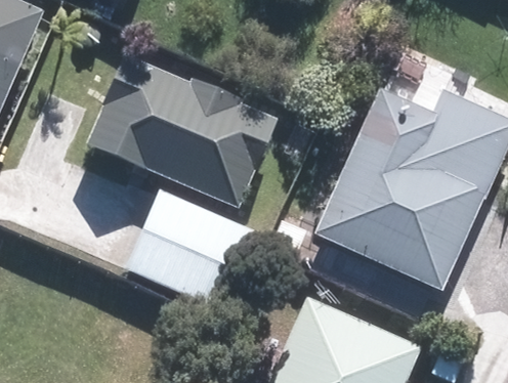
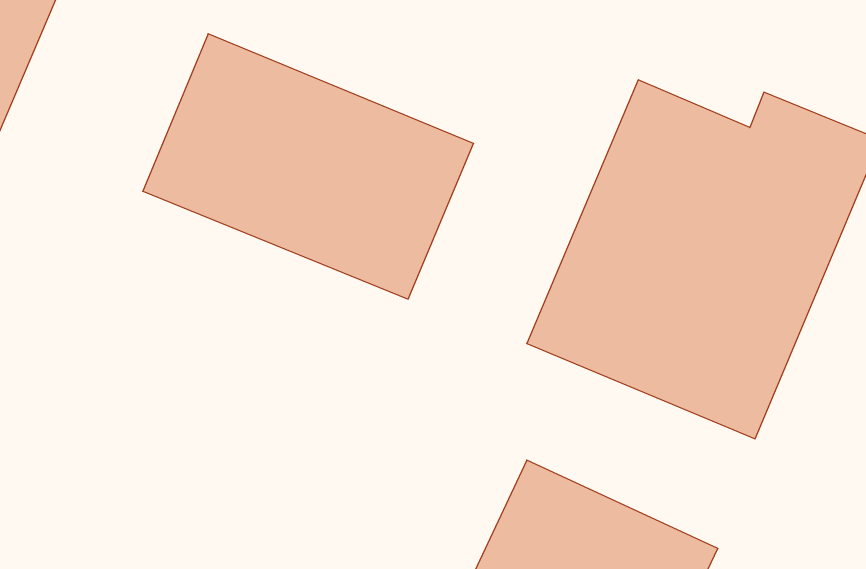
building: [129,193,261,312] -> none

